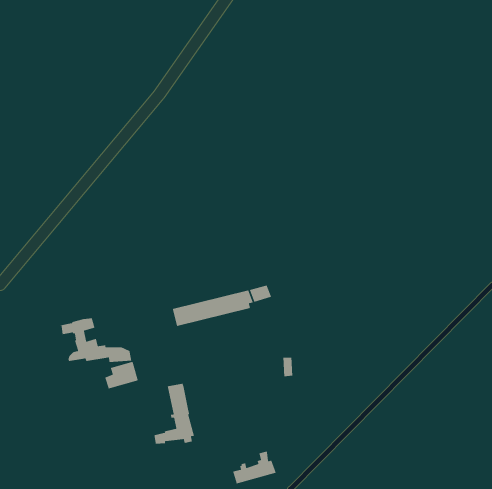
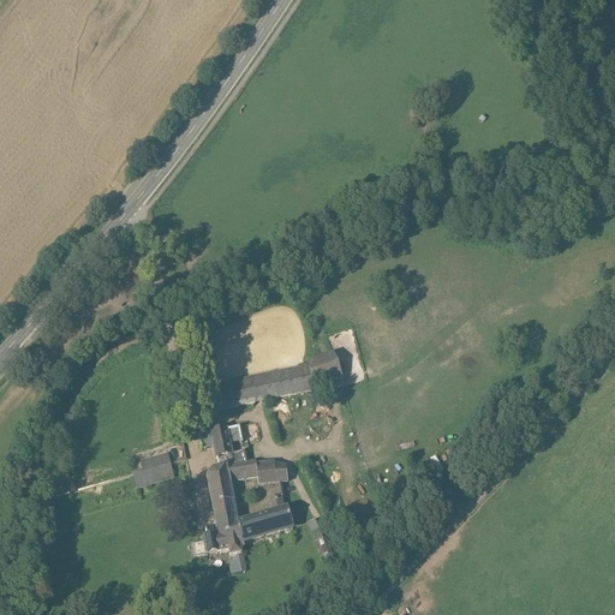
building: [60,318,132,363] -> [198,425,288,482]
building: [232,448,277,485] -> [238,492,293,538]

